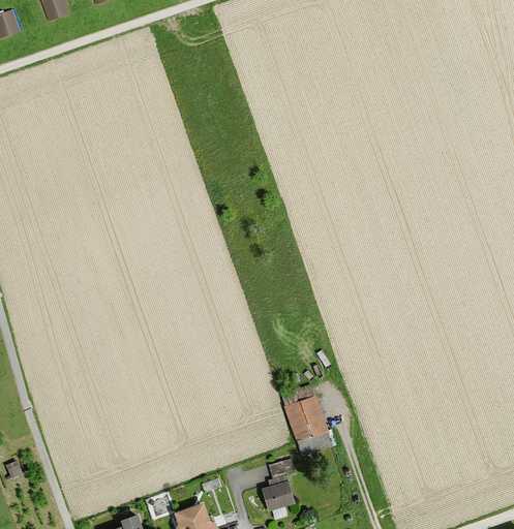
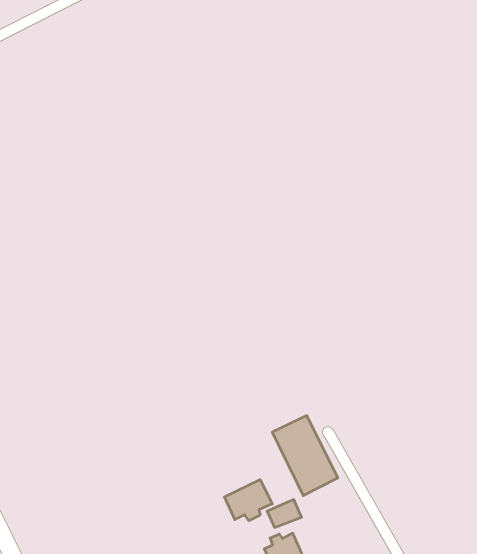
building: none -> [224,480,272,521]

